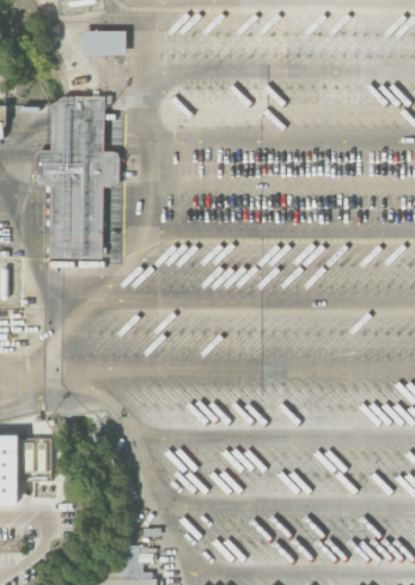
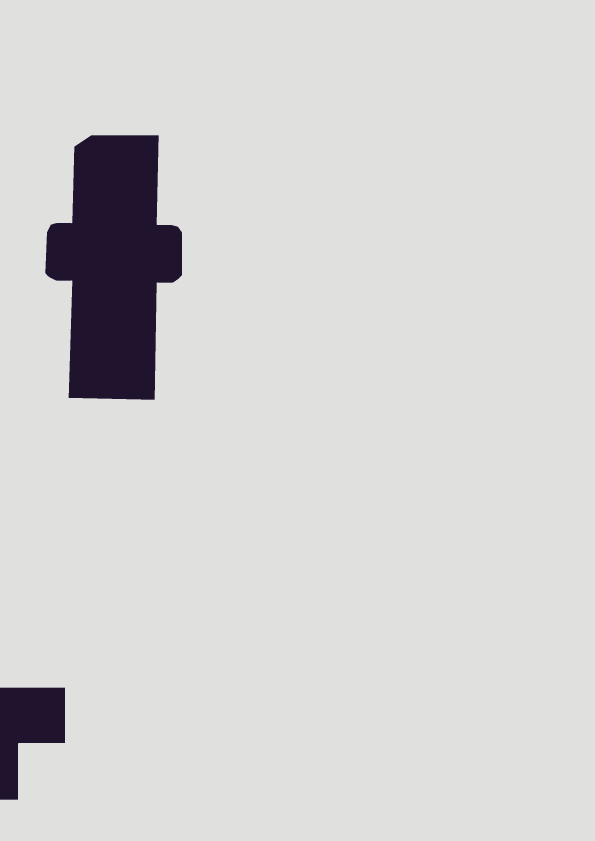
building: [80,30,124,55] -> none

